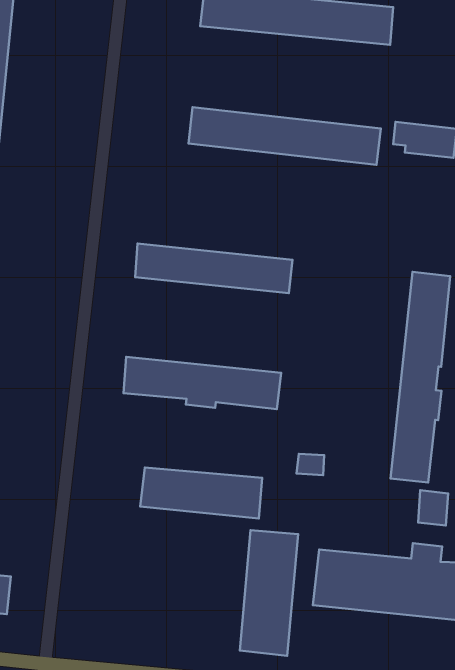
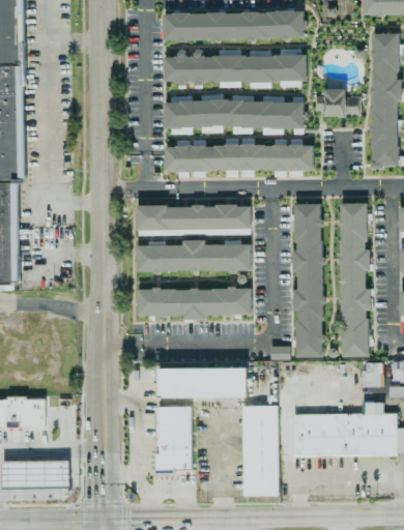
building: none -> [164,53,307,83]
building: none -> [164,144,313,171]
building: none -> [291,203,323,357]
building: none -> [136,239,251,271]
building: none -> [156,406,192,472]

